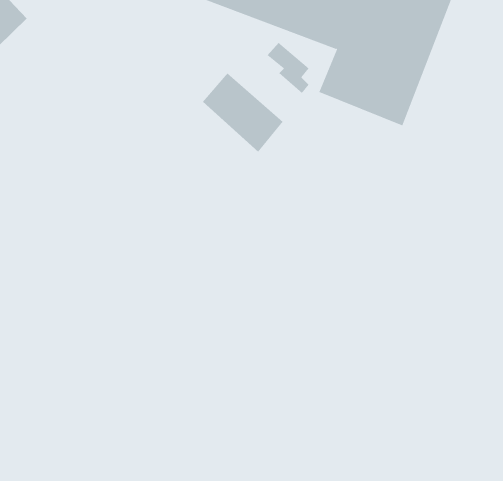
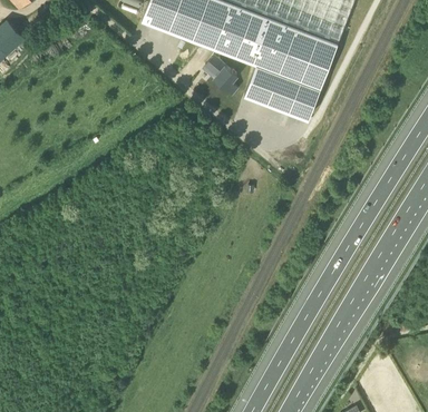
building: [202,73,284,152] -> none

